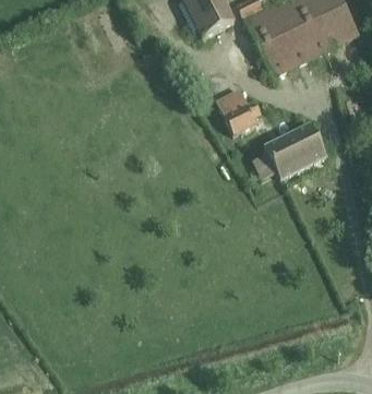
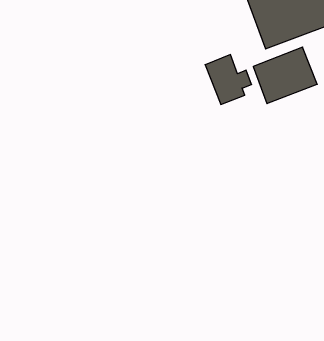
building: [265,121,327,178] -> [253,47,317,104]

